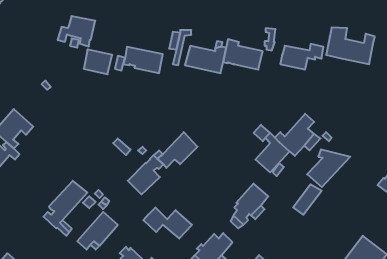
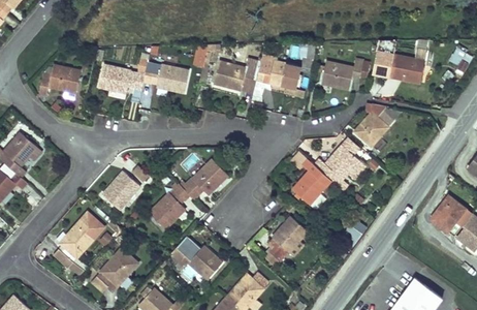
building: [58,16,95,46] -> [39,66,82,100]
building: none -> [103,172,140,210]
building: [307,149,350,187] -> [354,102,403,145]

